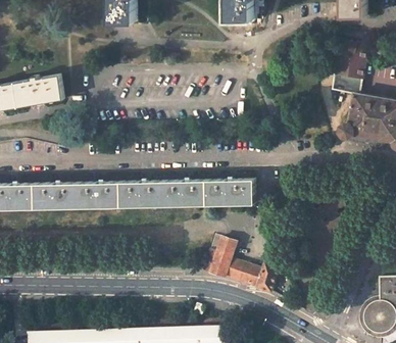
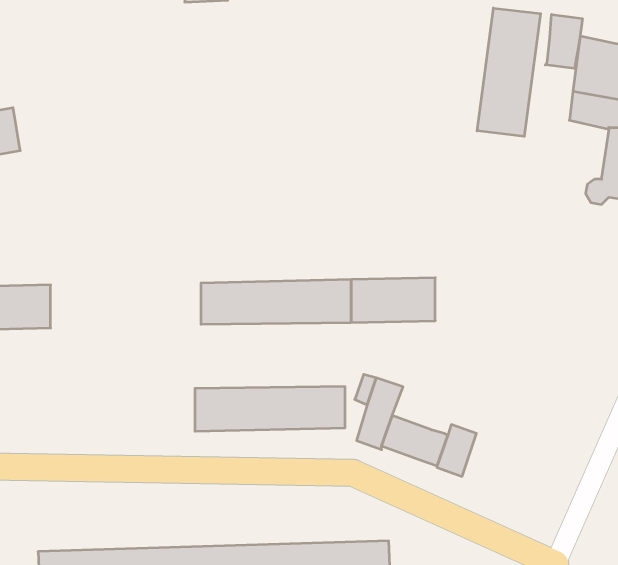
building: none -> [477,8,541,136]
building: none -> [545,14,582,68]
building: [13,75,63,106] -> none
building: [35,182,120,207] -> [195,387,345,431]

